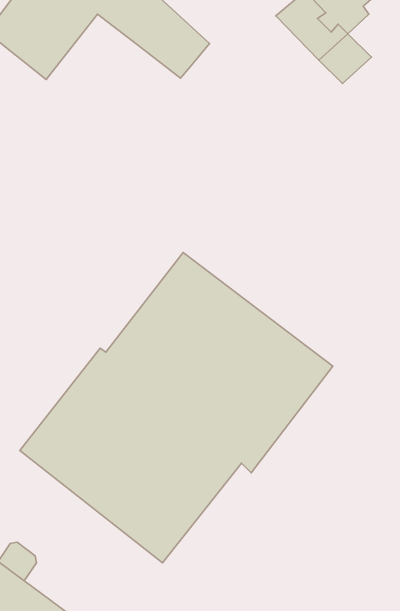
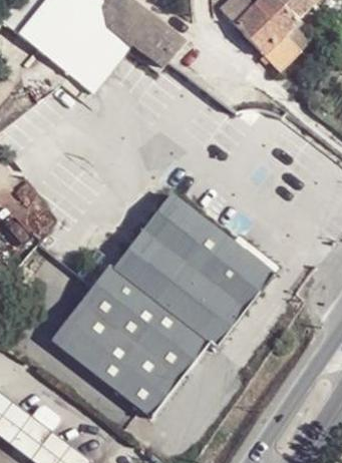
building: none -> [65,21,131,91]

